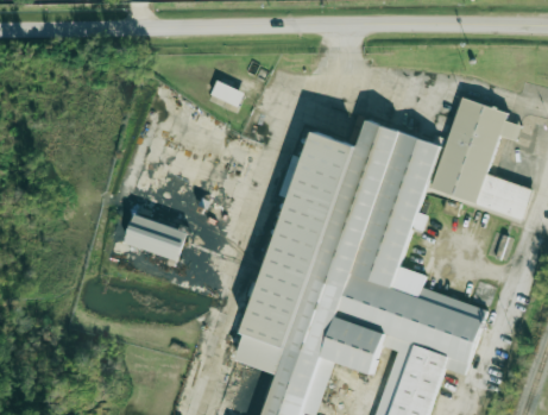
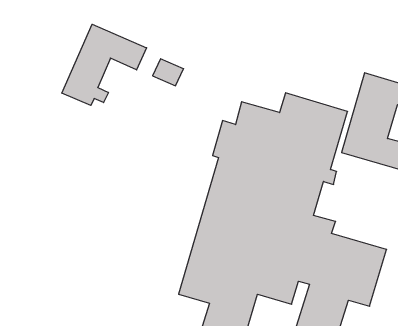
building: none -> [62,24,147,105]
building: [125,215,188,260] -> none

